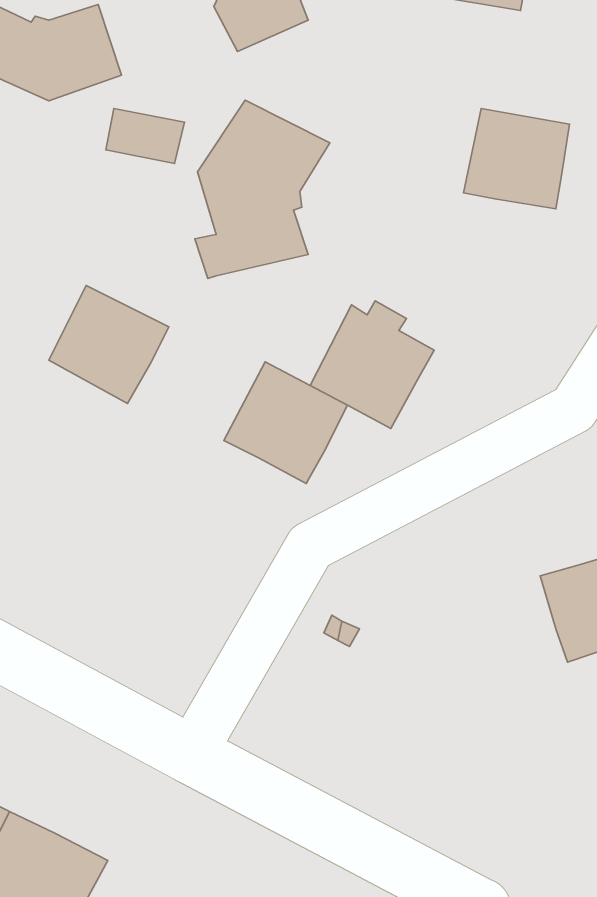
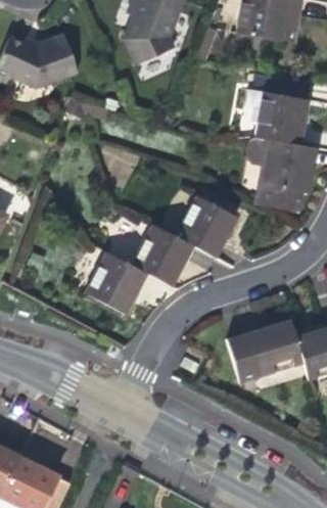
building: [195,100,330,279] -> none
building: none -> [260,138,318,210]
building: [49,286,169,403] -> [86,251,148,313]
building: none -> [226,317,302,381]

